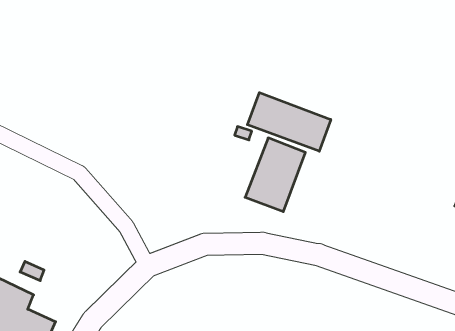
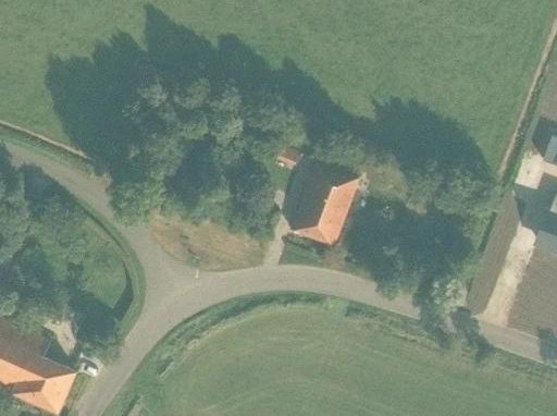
building: [247,93,331,151] -> none

